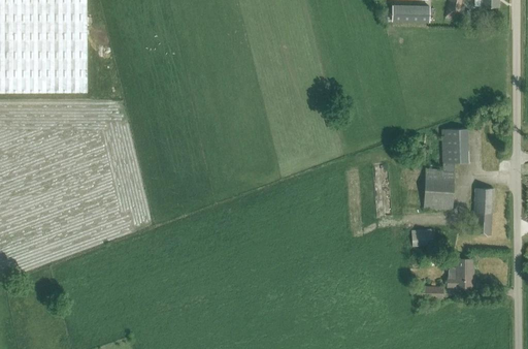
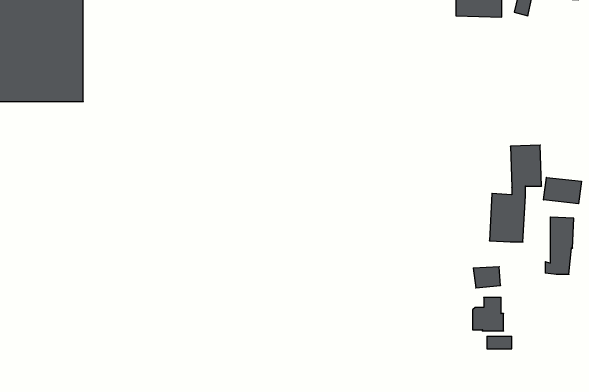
building: none -> [544,177,581,204]
building: [448,259,473,287] -> [473,297,504,331]

